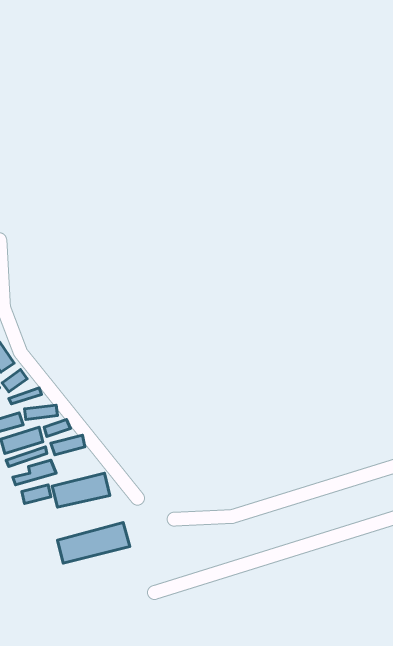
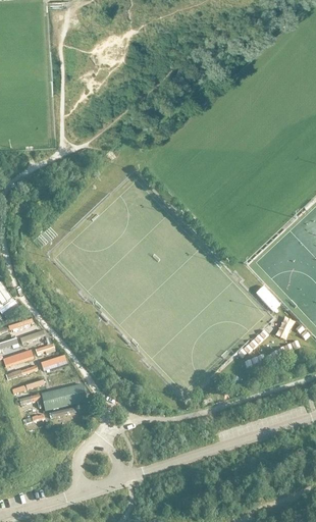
building: [58,522,130,563] -> none

